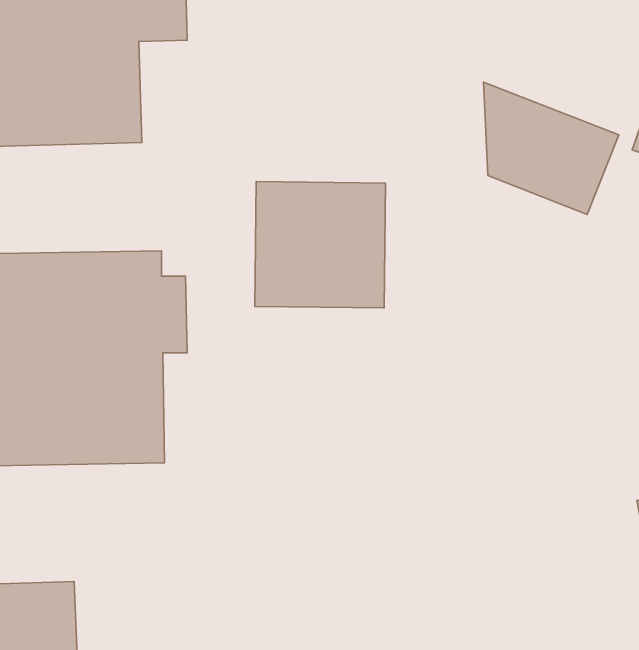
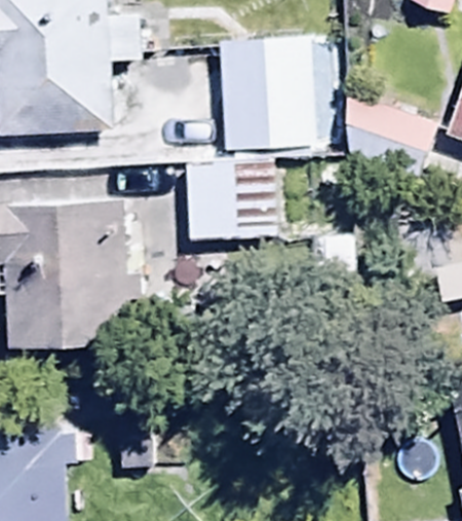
building: none -> [221,38,318,149]

